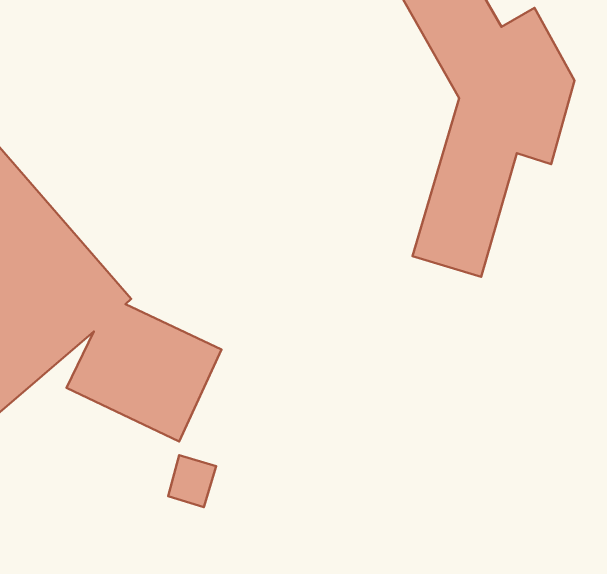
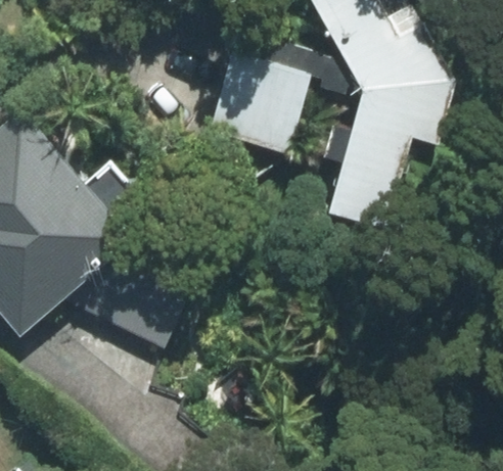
building: none -> [207,54,307,153]

